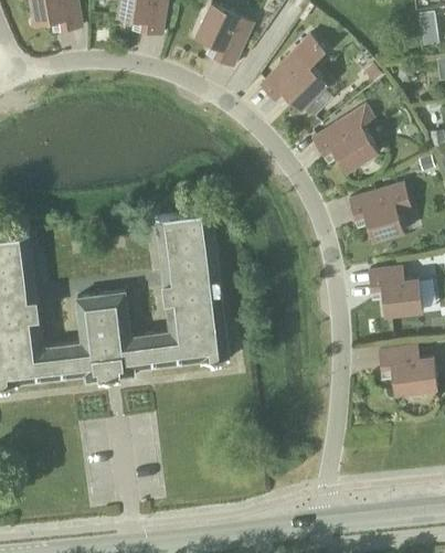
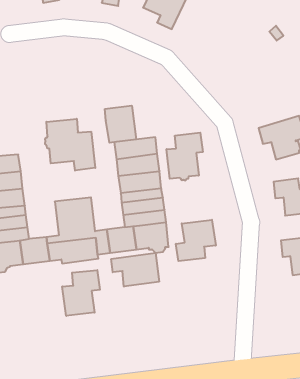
building: [259,34,327,110] -> none
building: [311,104,378,172] -> none
building: none -> [105,106,136,143]
building: none -> [45,119,95,171]
building: none -> [167,133,203,181]
building: none -> [176,220,216,261]
building: none -> [111,253,159,287]
building: none -> [62,270,100,316]

